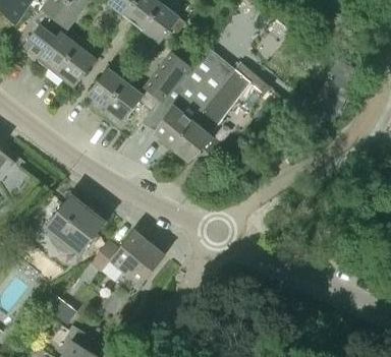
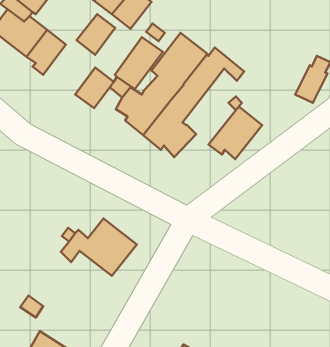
building: [87,68,124,108] -> [76,14,115,55]
building: none -> [208,107,262,159]
building: [44,194,105,255] -> none

